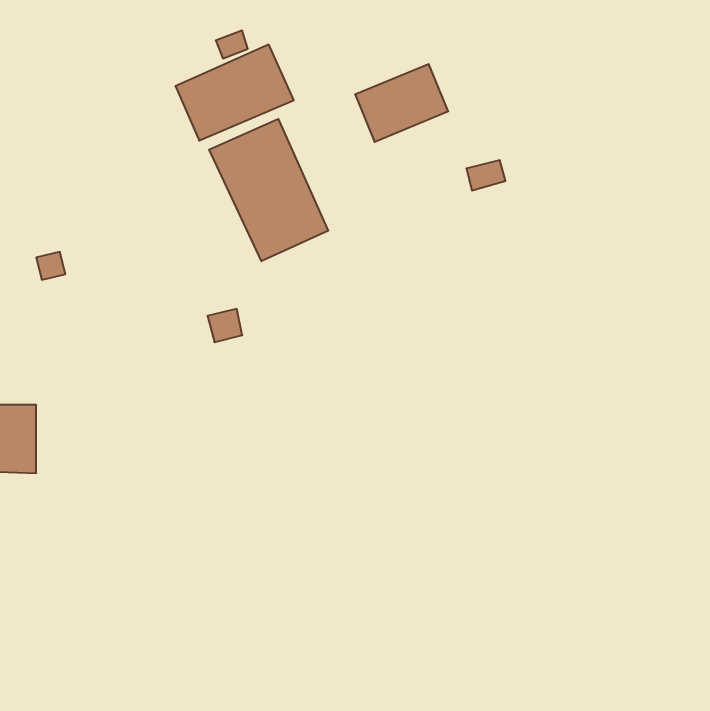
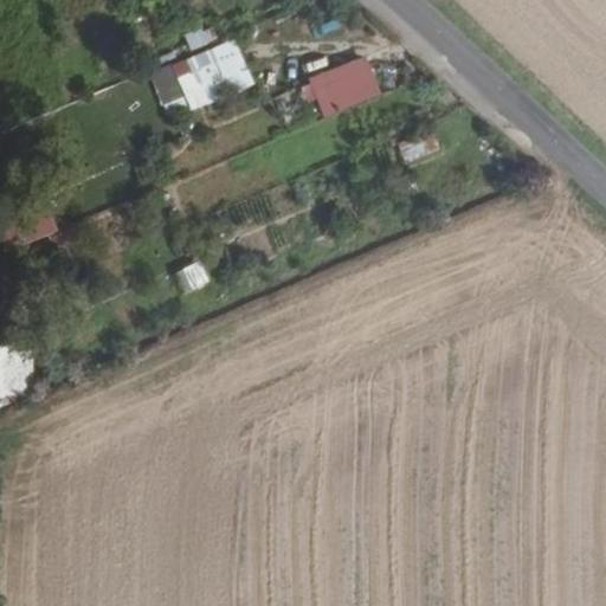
building: [209,119,328,261] -> none

